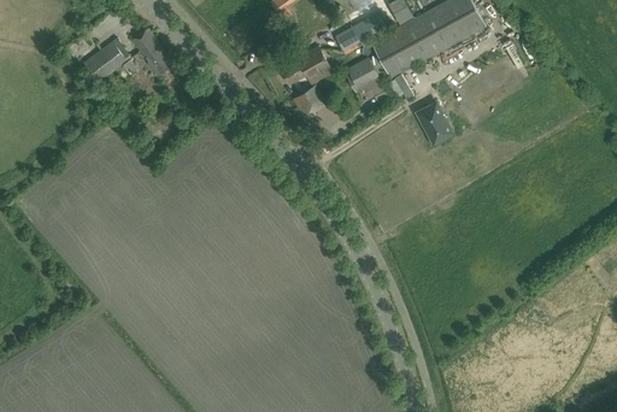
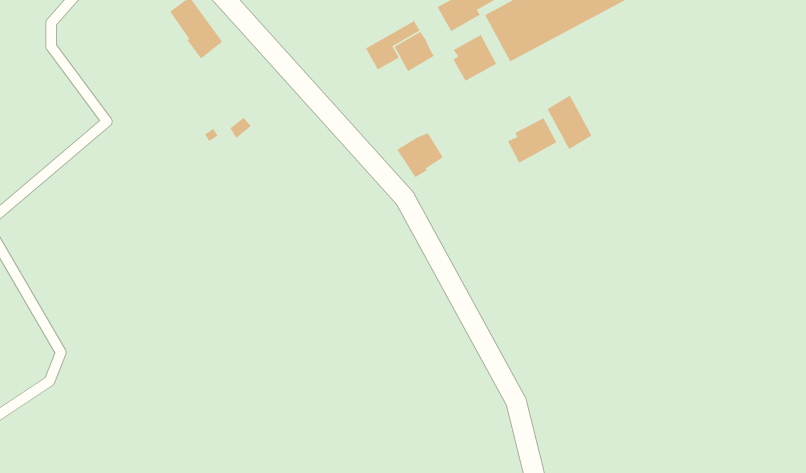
building: [83,41,127,93] -> none
building: [290,86,327,120] -> [396,132,444,178]
building: none -> [507,117,557,164]

